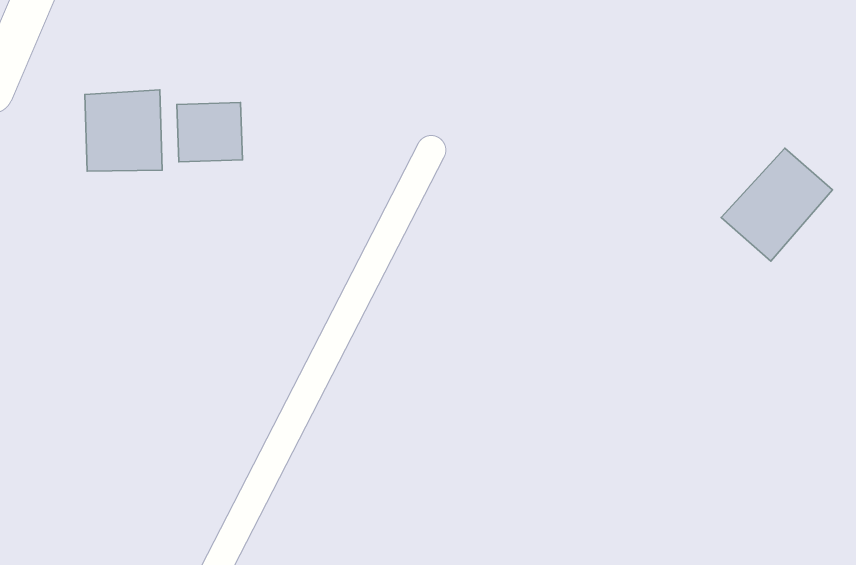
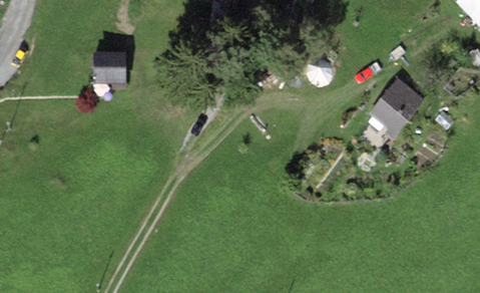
building: [85,90,162,171] -> none

